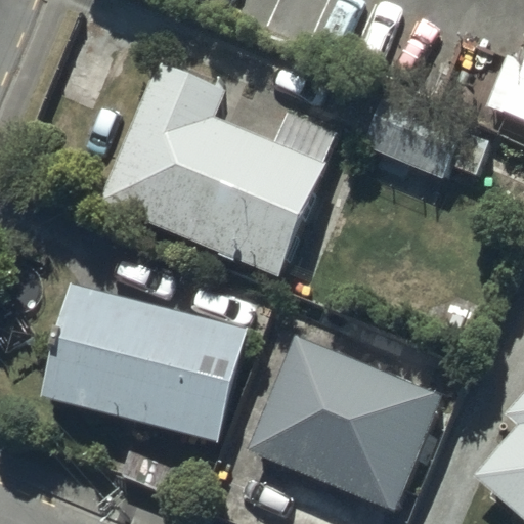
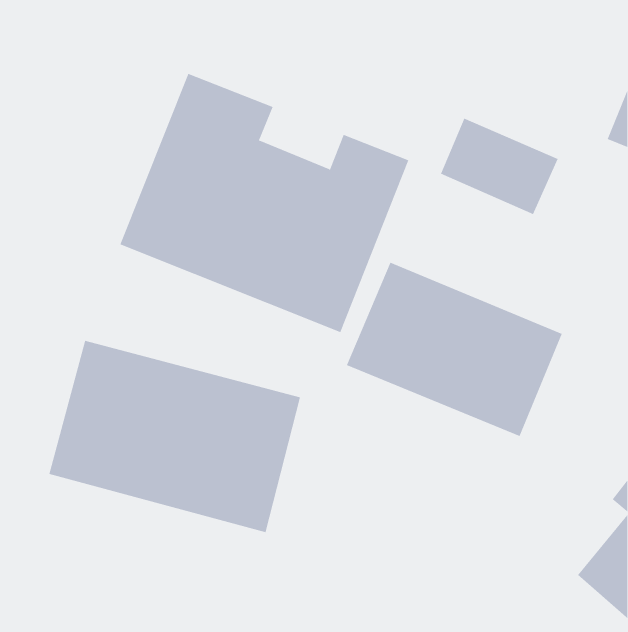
building: none -> [346,262,562,437]
building: [249,336,440,511] -> none

